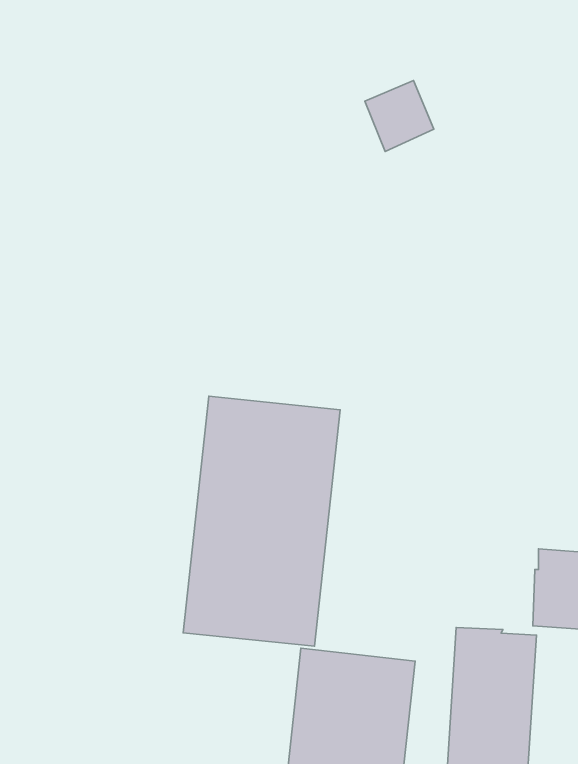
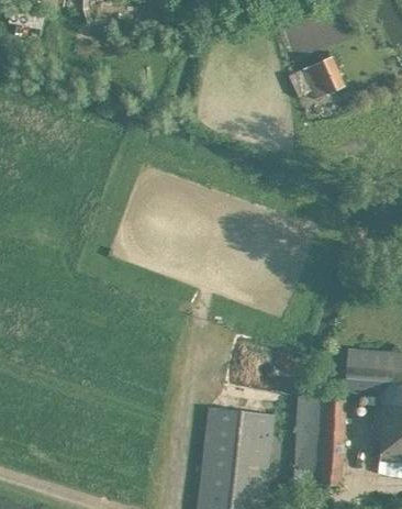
building: [365,80,434,152] -> [303,56,344,98]
building: [183,396,340,646] -> none

